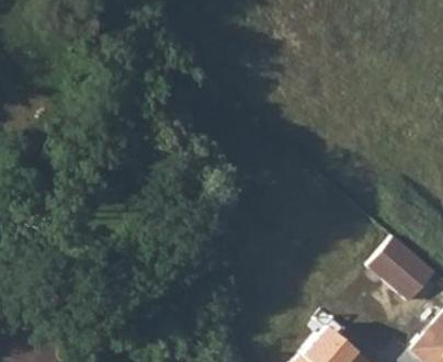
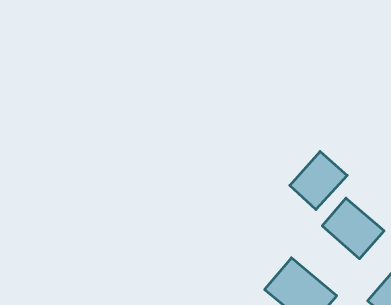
building: none -> [290,151,347,210]

